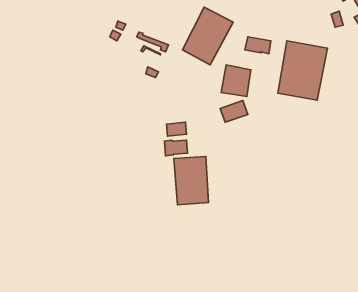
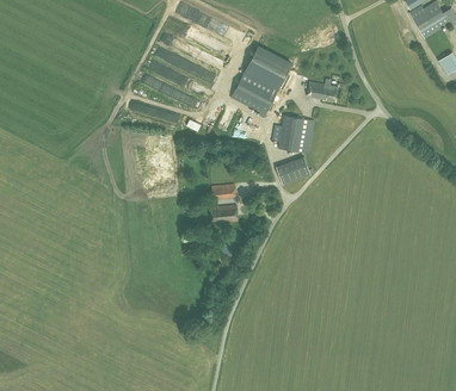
building: [278,41,327,100] -> none
building: [174,157,209,205] -> none

